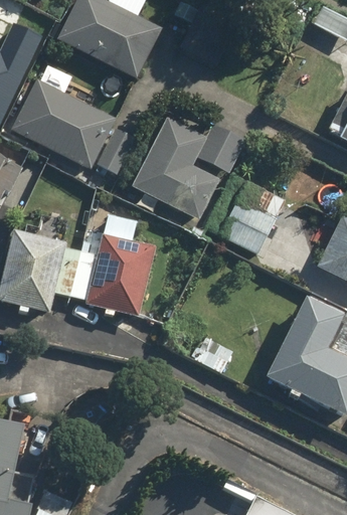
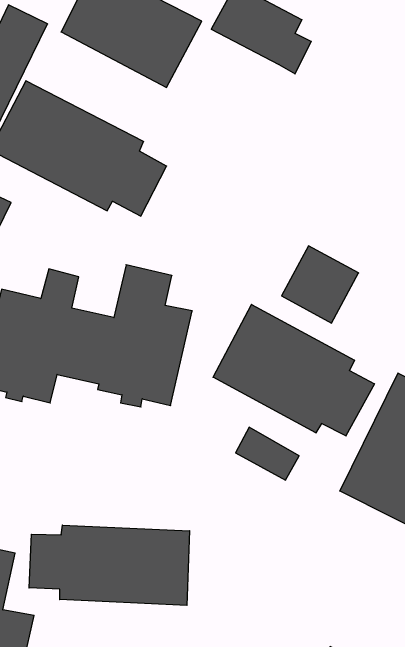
building: [131,98,246,223] -> none
building: none -> [213,304,374,436]
building: none -> [29,525,190,605]

